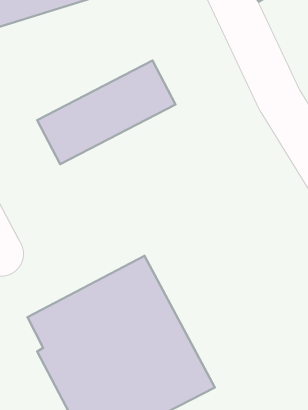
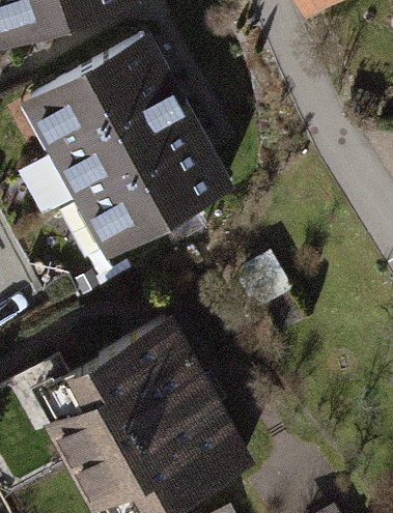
building: none -> [20,34,183,156]
building: none -> [74,138,236,260]

